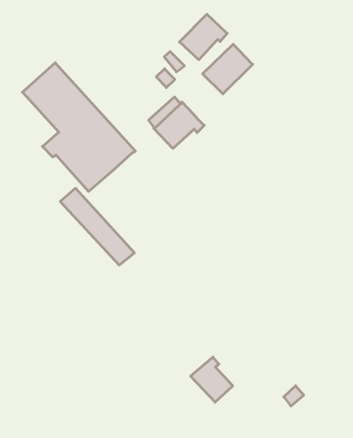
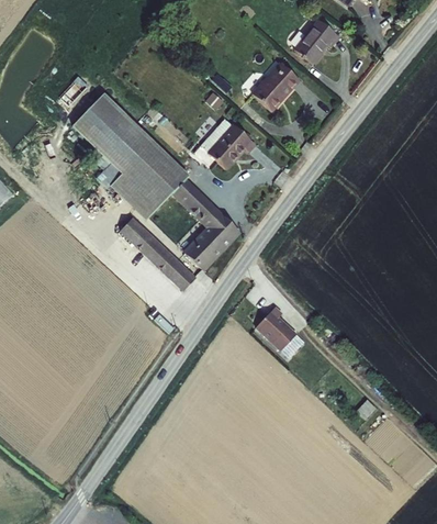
building: [179,14,227,60] -> [292,18,339,64]
building: none -> [171,177,242,270]
building: [191,357,233,402] -> [255,305,298,350]

